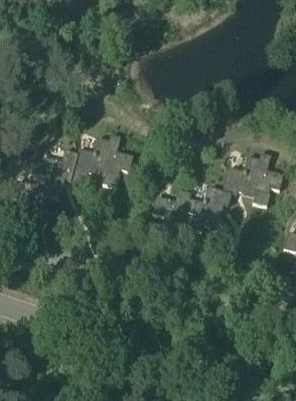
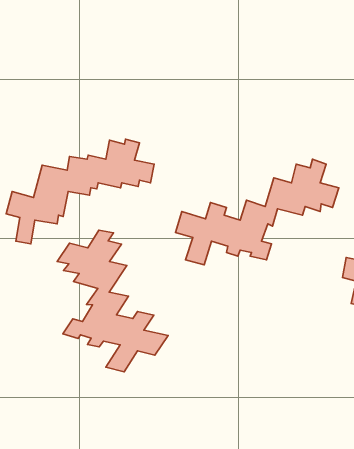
building: none -> [57,230,168,372]

